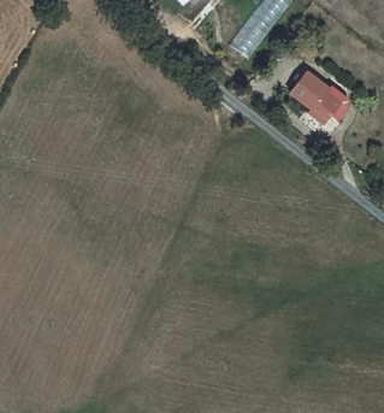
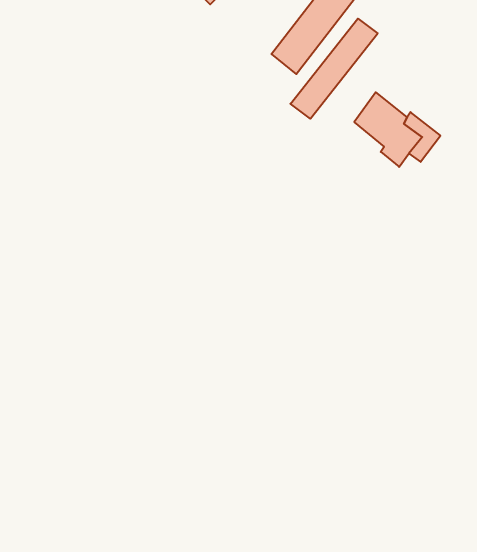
building: none -> [290,19,378,119]

